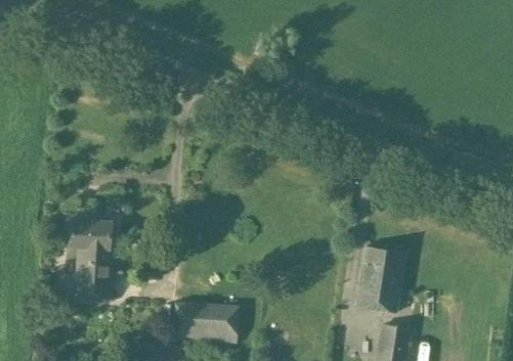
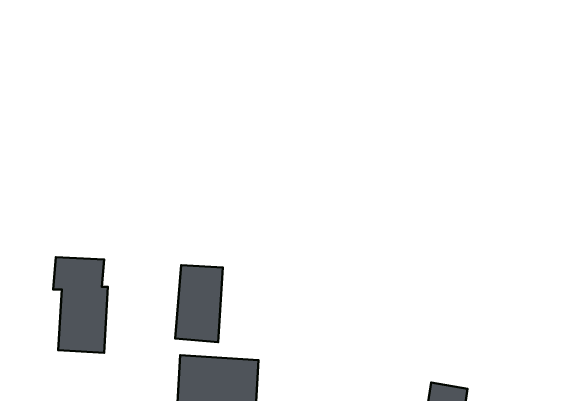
building: none -> [175,265,223,342]
building: [355,246,404,312] -> none

